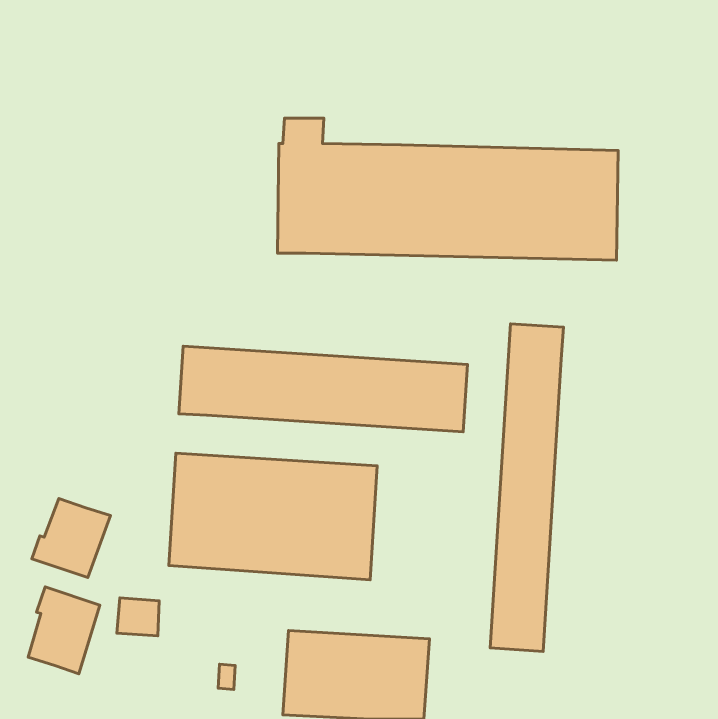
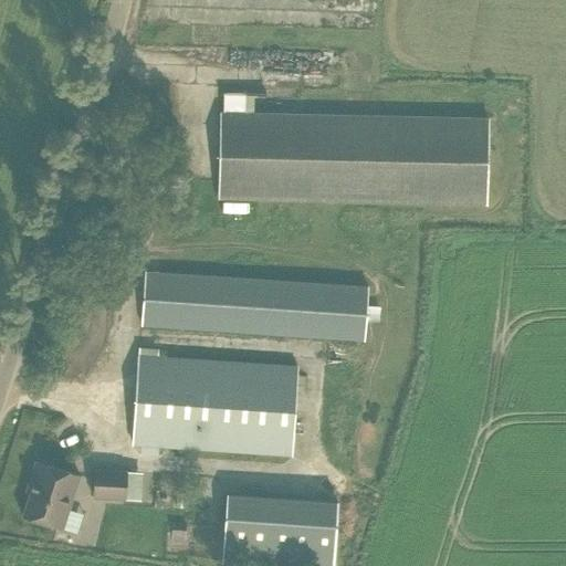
building: [490,324,564,651] -> none
building: [32,498,110,578] -> none

